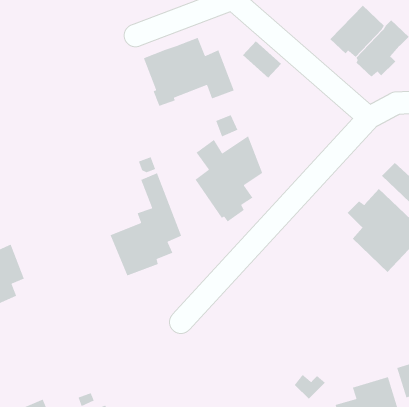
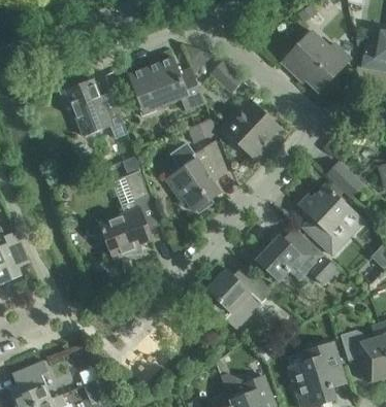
building: none -> [59,80,128,138]
building: none -> [221,98,280,161]
building: none -> [247,229,342,284]
building: none -> [206,265,271,330]

